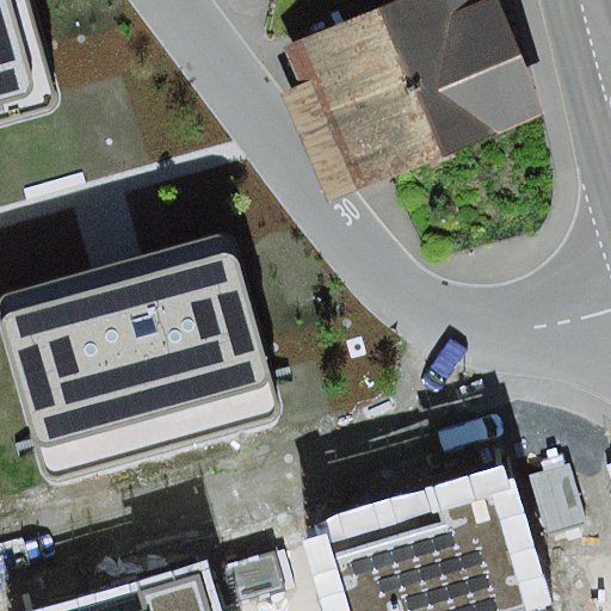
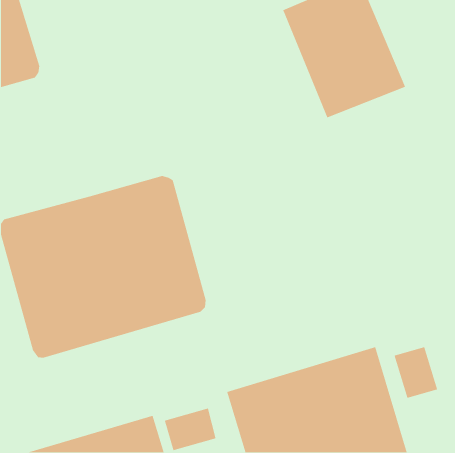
building: [283,13,438,203] -> none

